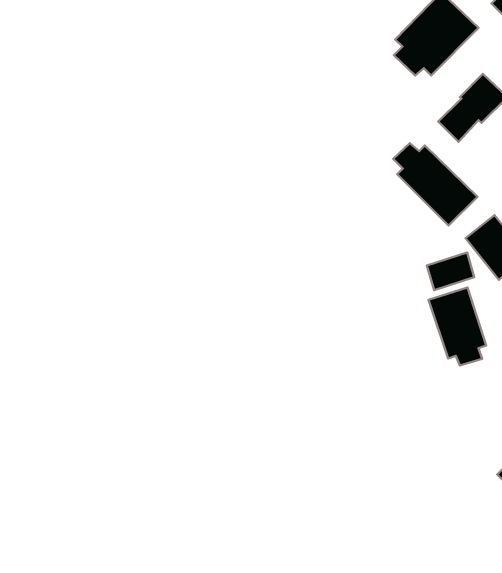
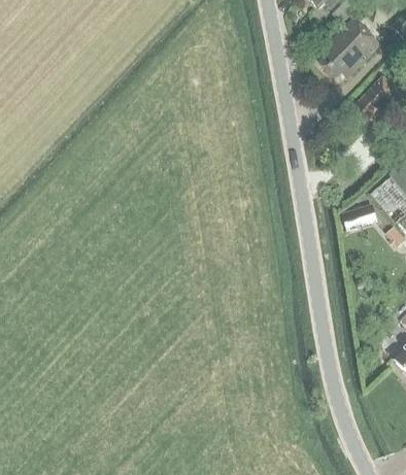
building: [393,143,477,226] -> none
building: [428,287,486,365] -> none

